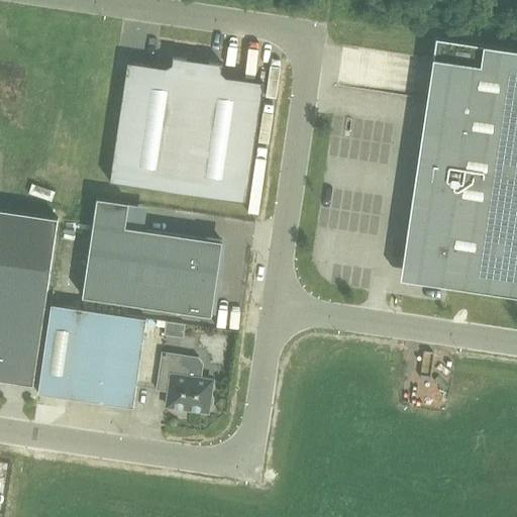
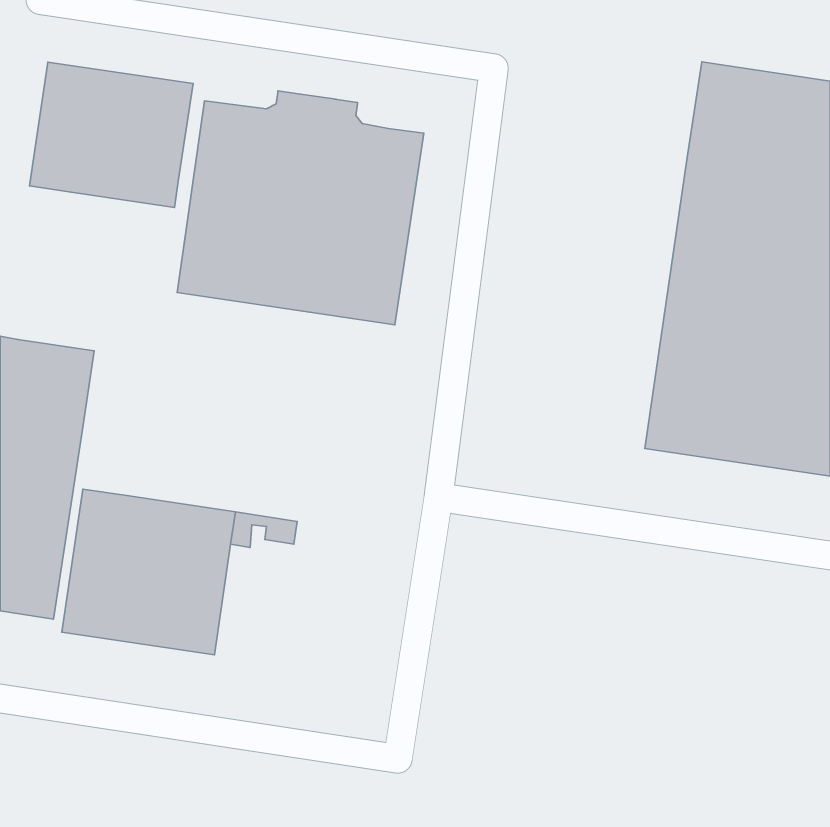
building: none -> [29,62,193,207]
building: [82,200,222,319] -> none
building: [157,354,213,414] -> none

